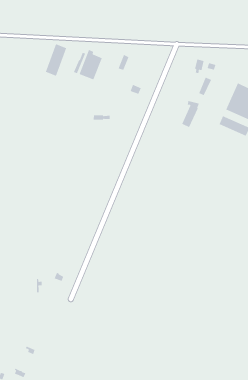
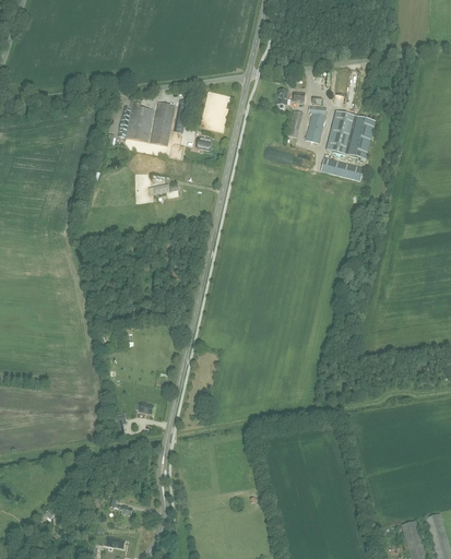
building: [45,43,67,77] -> [150,102,174,145]
building: [181,100,200,128] -> [305,106,324,142]

